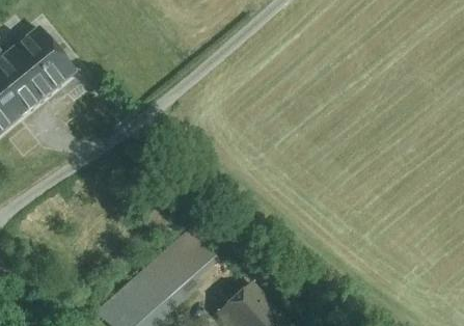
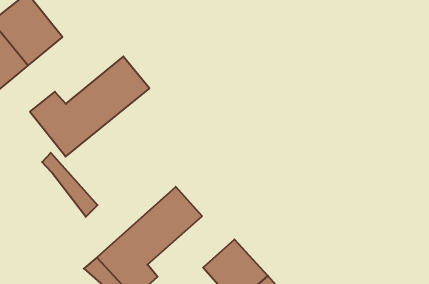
building: none -> [30,56,149,157]
building: none -> [42,153,98,217]

